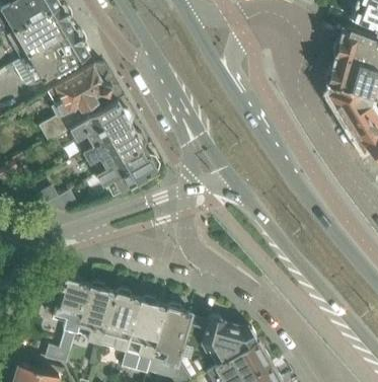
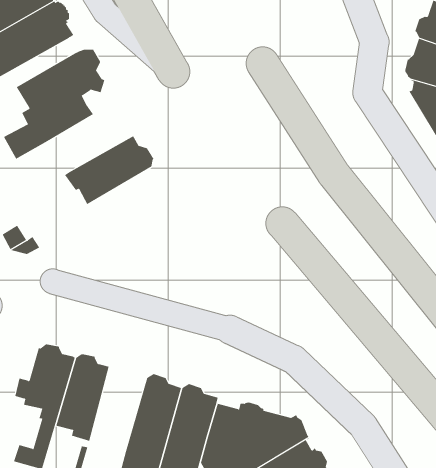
building: [68,101,132,151] -> none
building: [95,147,159,198] -> none
building: [99,288,140,351] -> none

